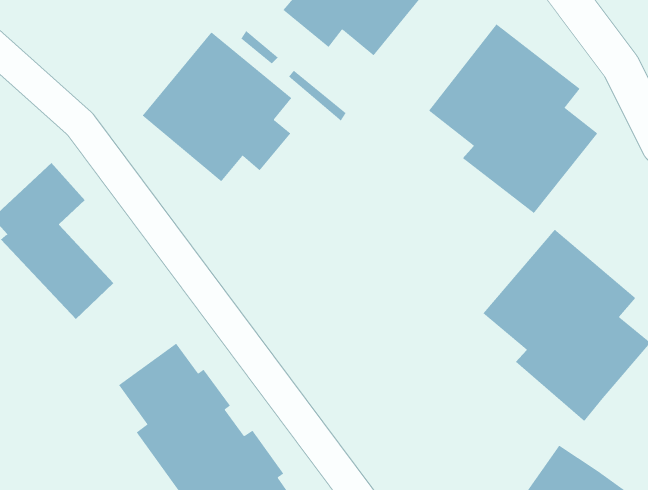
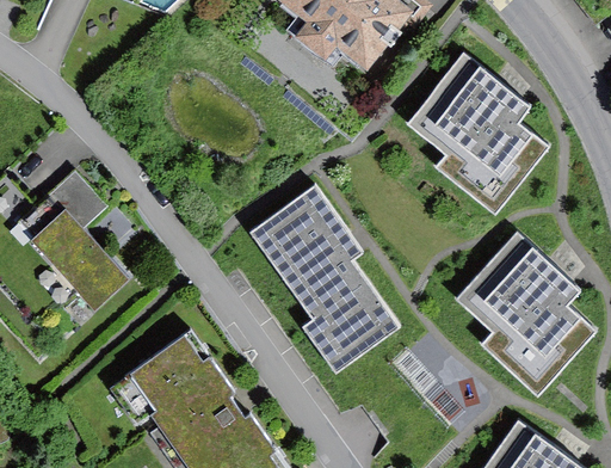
building: [142,32,292,182] -> none
building: none -> [251,187,403,376]

